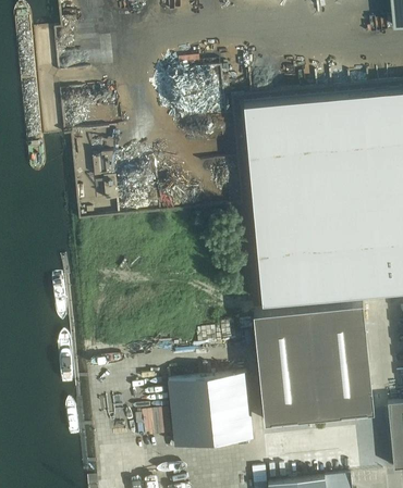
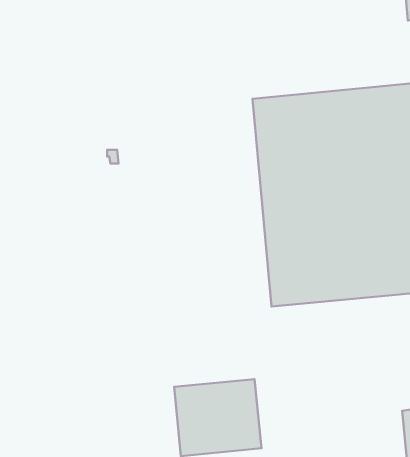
building: [254,305,374,433] -> none

